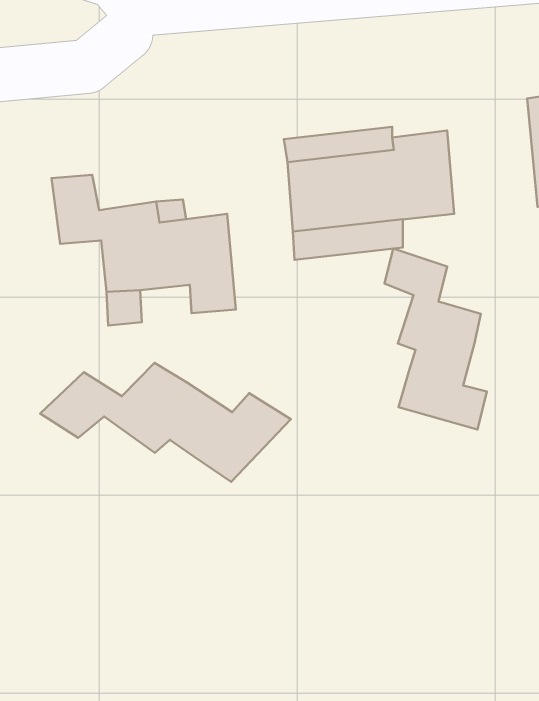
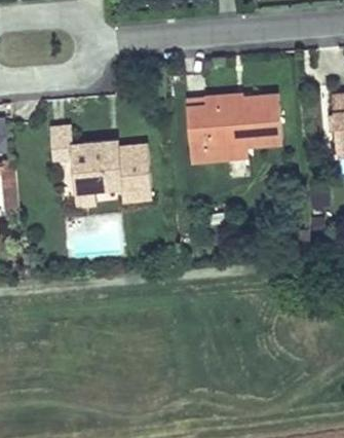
building: [385,249,487,430] -> none
building: [40,363,291,482] -> none

